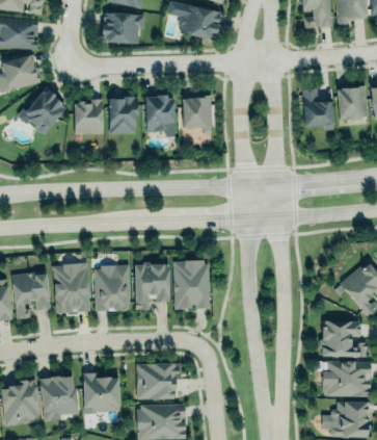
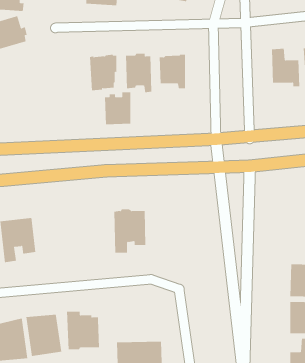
building: [19,88,66,135] -> none
building: [73,99,102,134] -> [104,92,131,125]
building: [172,260,209,310] -> none
building: [52,263,89,313] -> none
building: [93,266,129,312] -> none
building: [135,363,181,399] -> none

